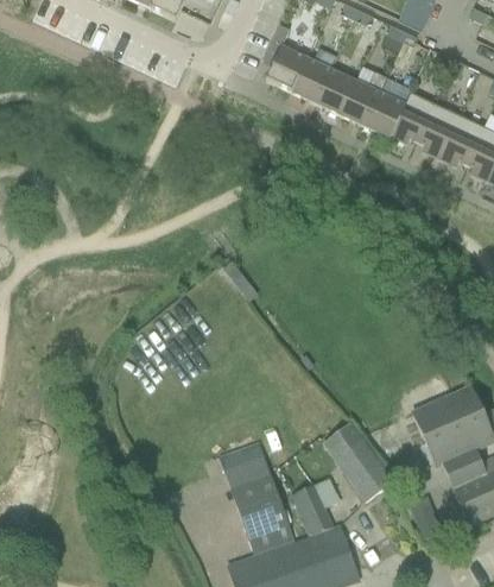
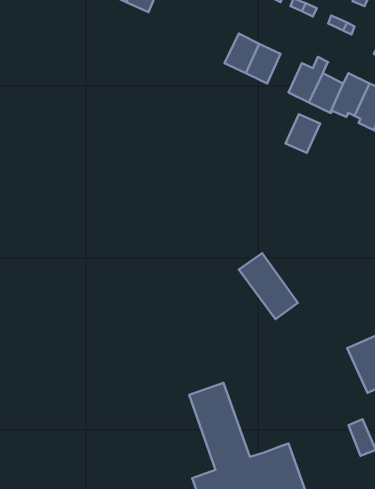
building: [316,69,356,114] -> [286,114,320,153]
building: [324,423,393,500] -> [239,253,298,319]
building: [291,476,340,536] -> none

